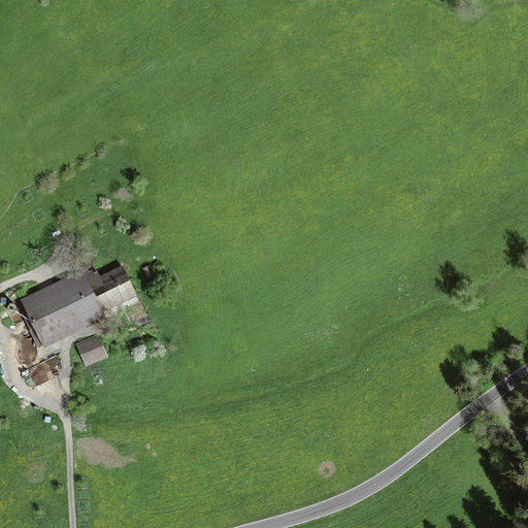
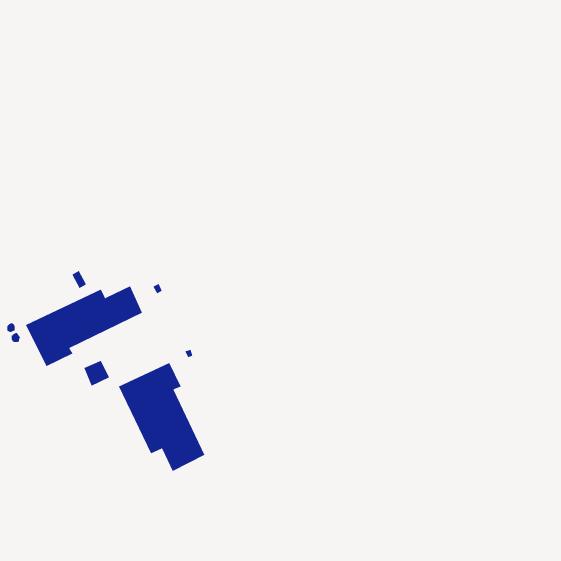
building: none -> [118,362,205,472]

